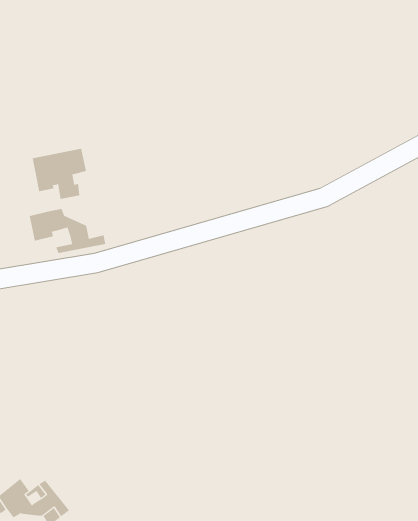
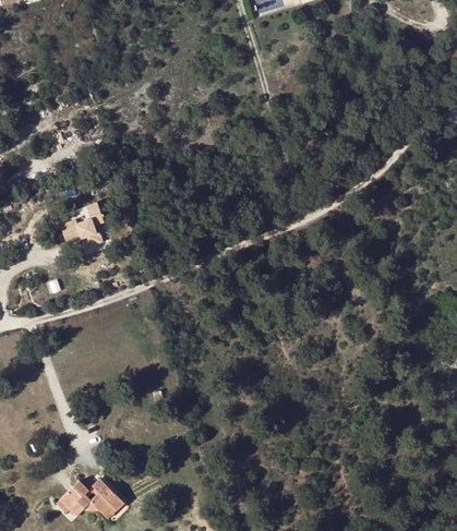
building: [29,208,106,254] -> none

